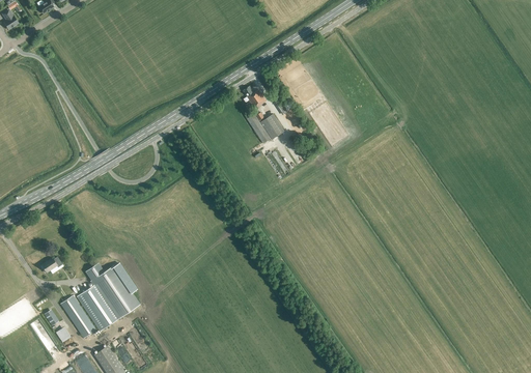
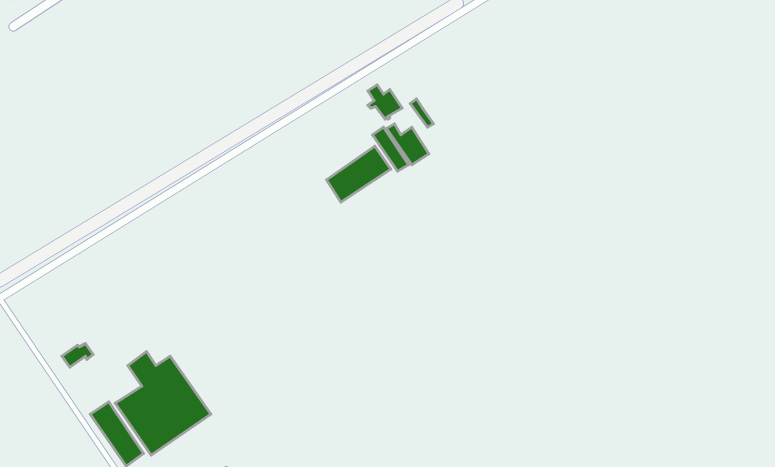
building: none -> [326,146,391,202]

